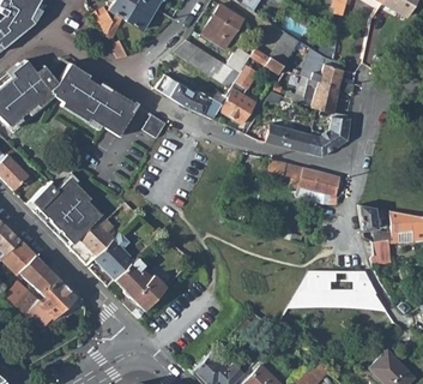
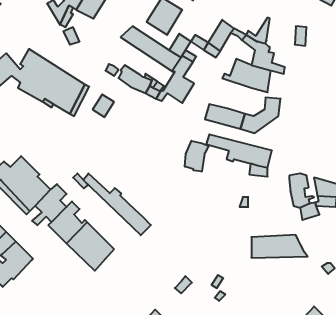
building: none -> [185,141,208,172]
building: none -> [83,173,151,235]

